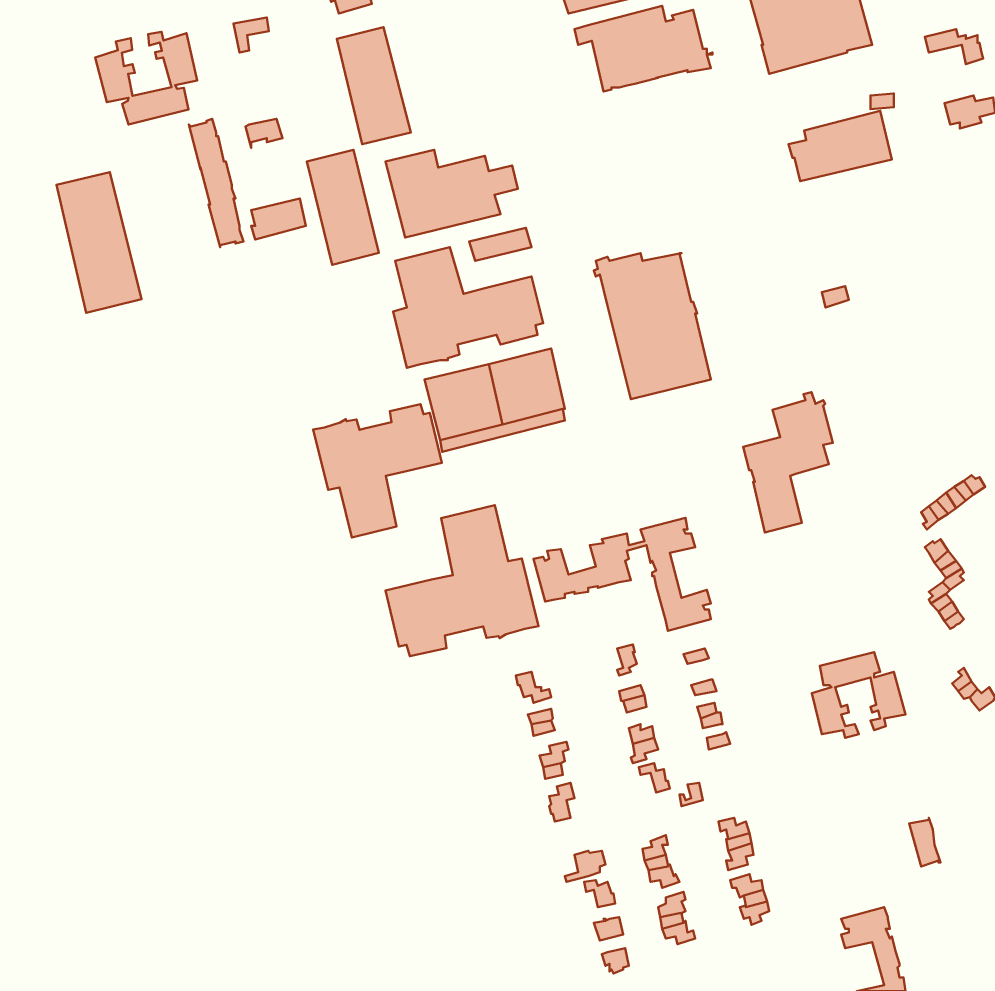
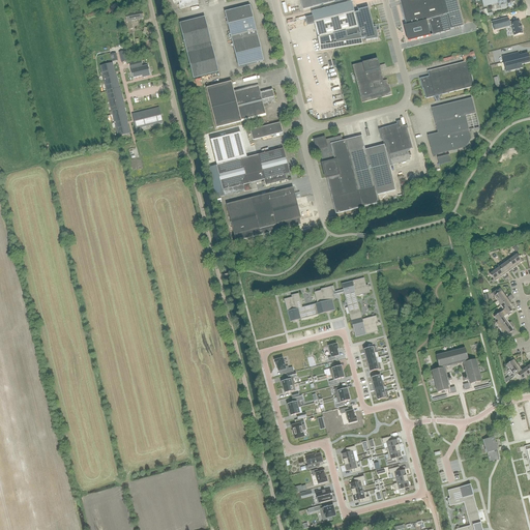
building: [95,32,197,125] -> none
building: none -> [352,57,392,100]
building: [307,150,379,265] -> [225,4,263,65]
building: [56,172,141,313] -> none
building: none -> [429,96,475,154]
building: [743,392,833,532] -> [364,119,412,194]
building: [313,404,442,537] -> none
building: [385,505,538,656] -> none

